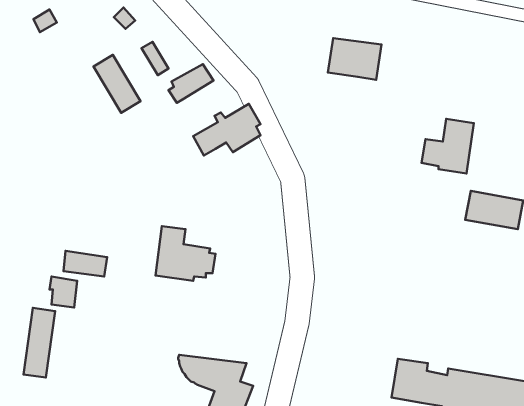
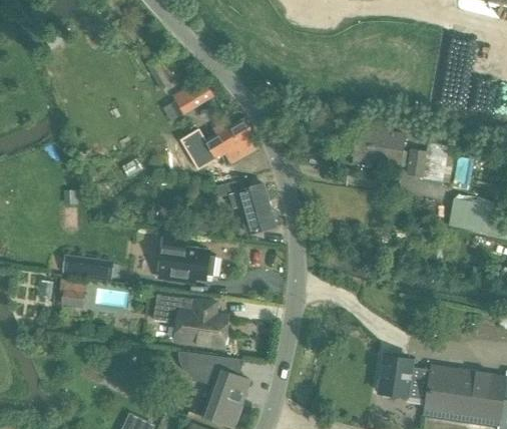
building: [328,38,382,80] -> [354,127,404,166]
building: [93,55,141,113] -> none
building: none -> [227,183,275,235]
building: none -> [153,295,226,348]
building: [23,308,55,377] -> none

